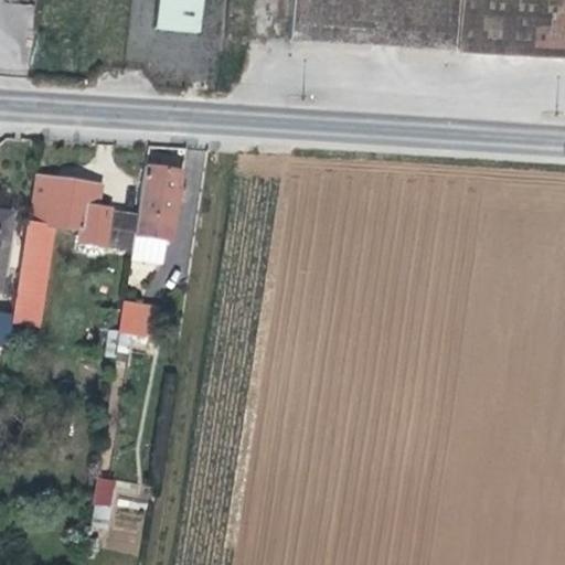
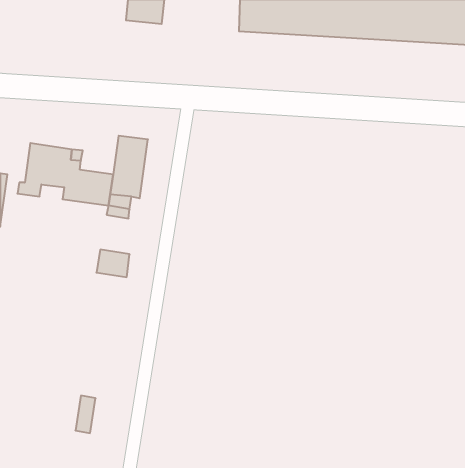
building: [13,233,53,324] -> none

